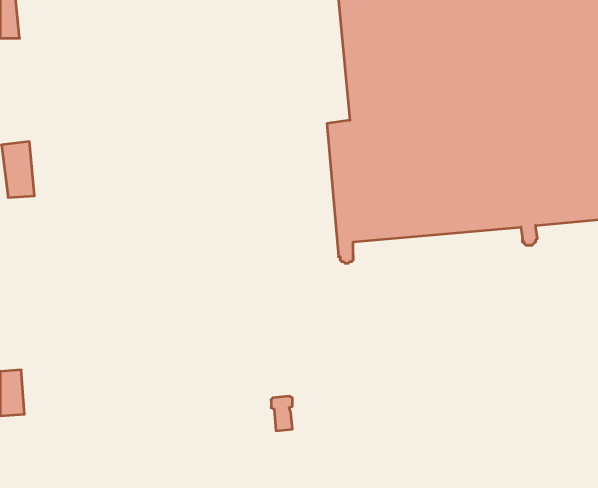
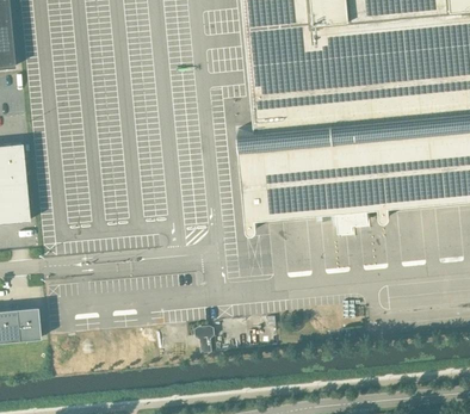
building: none -> [6,181,29,222]
building: none -> [16,305,41,340]

